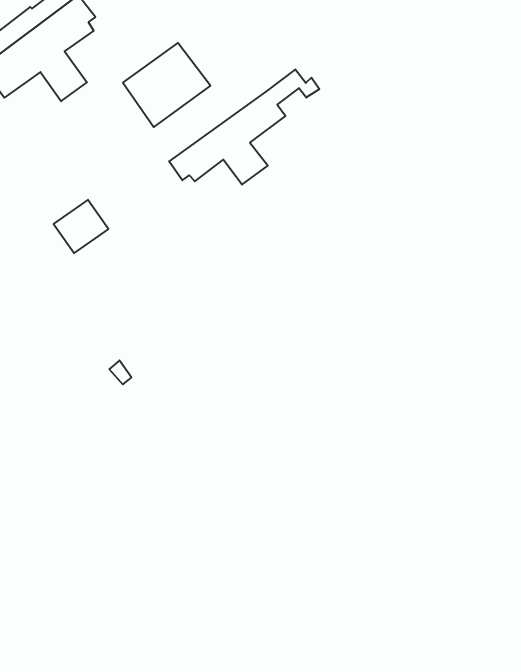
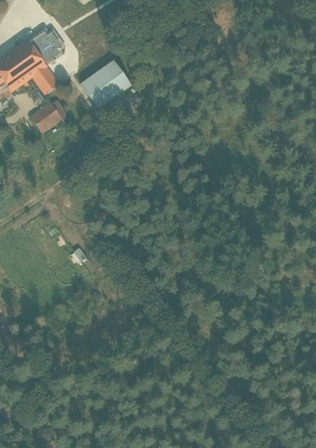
building: [169,69,319,185] -> none
building: [54,200,108,253] -> [29,103,61,134]

